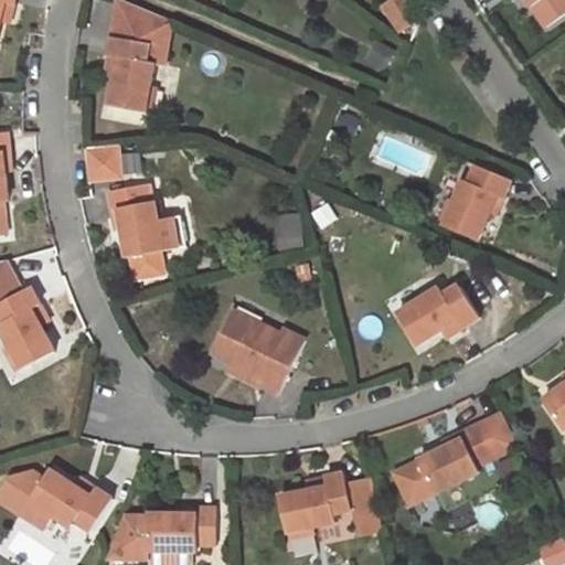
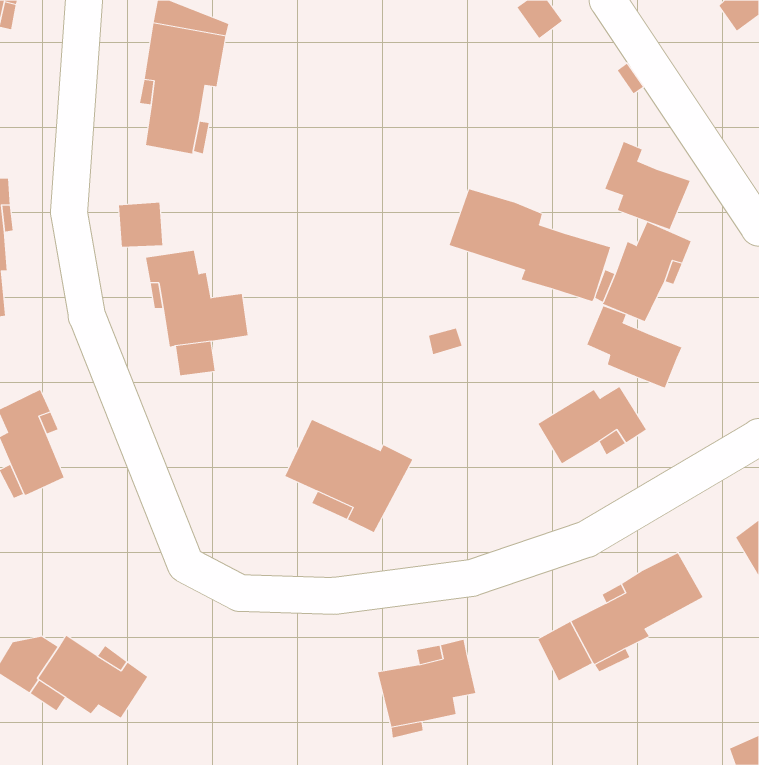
building: none -> [605,141,690,230]
building: none -> [449,188,611,302]
building: none -> [587,306,682,388]
building: [344,475,381,516] -> none
building: [105,504,213,559] -> none

